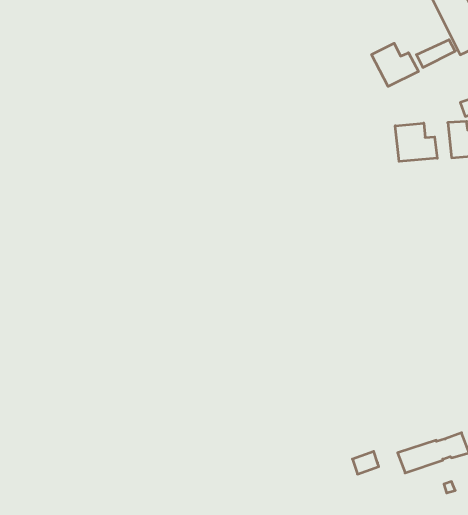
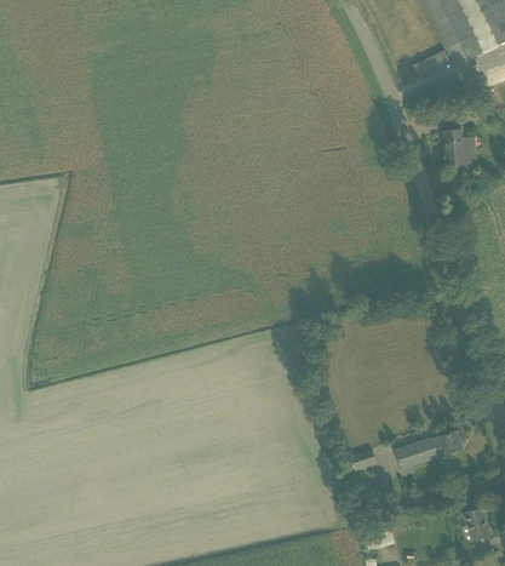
building: [372,43,418,86] -> none
building: [395,123,437,161] -> none

